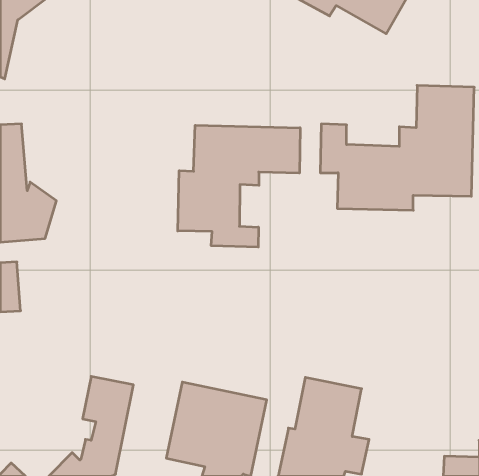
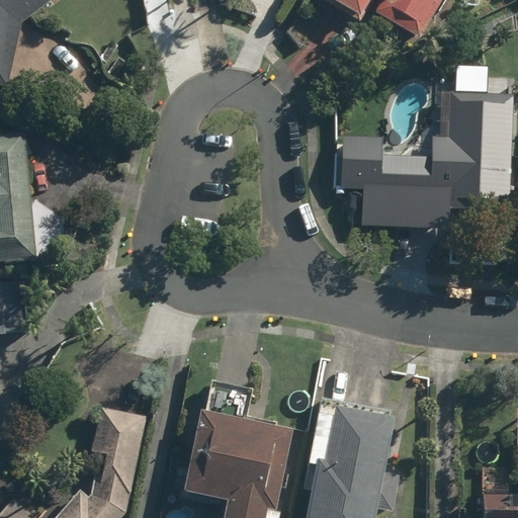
building: [178,125,300,247] -> none

